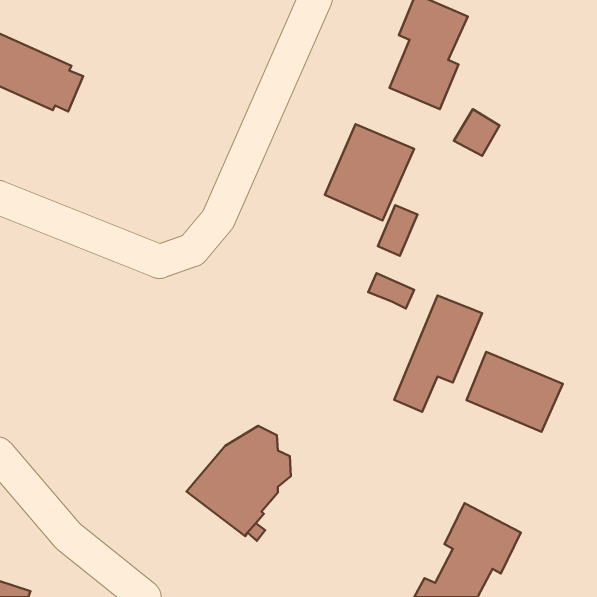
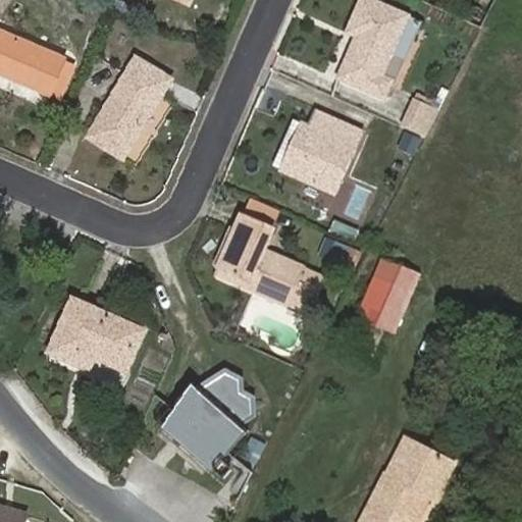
building: none -> [87,59,167,157]
building: none -> [217,215,320,313]
building: none -> [48,299,142,369]
building: [467,352,563,432] -> none

